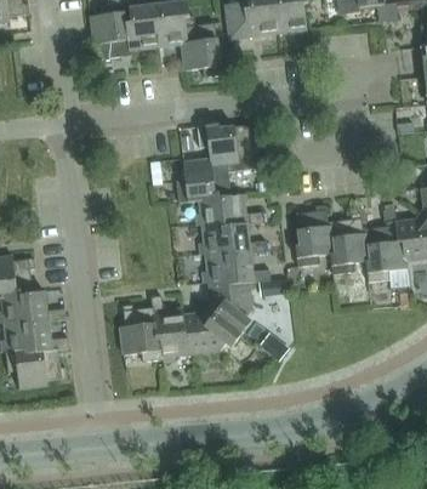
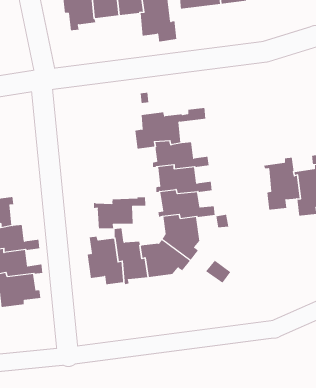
building: [195,124,257,164] -> none
building: [294,205,334,266] -> none
building: none -> [93,196,146,229]

